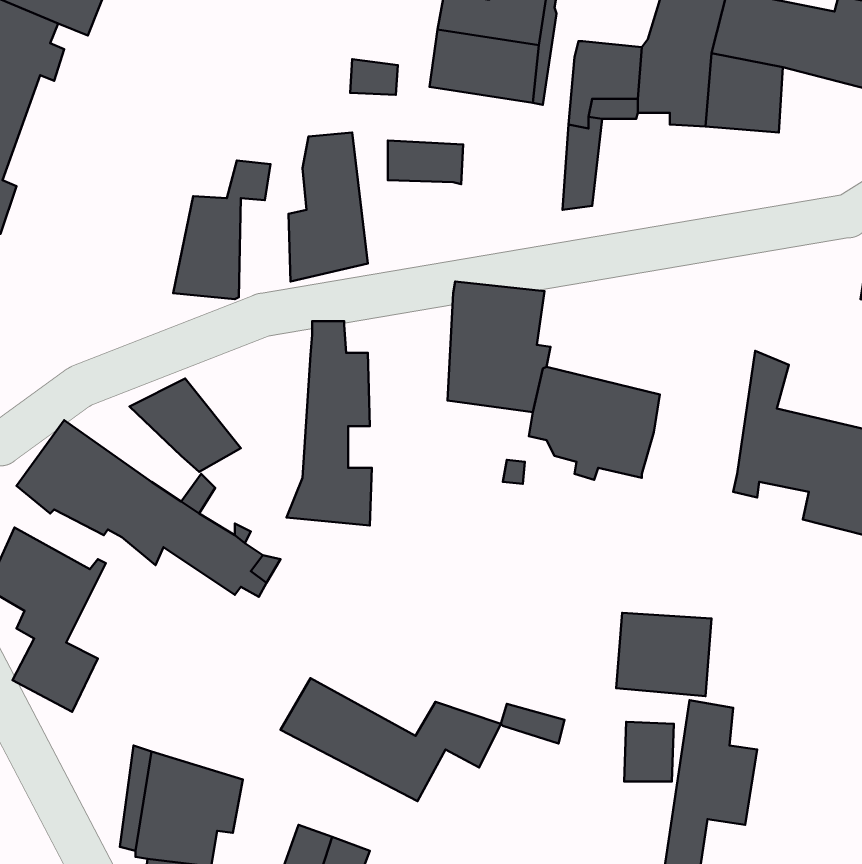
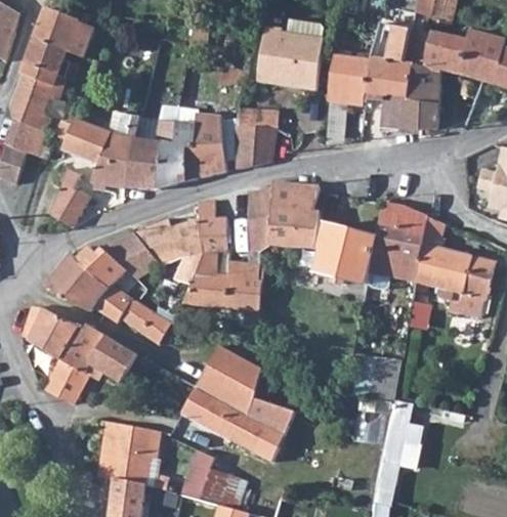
building: none -> [379,100,437,133]
building: none -> [62,112,135,187]
building: none -> [159,121,194,189]
building: none -> [235,129,273,169]
building: none -> [47,170,91,227]
building: none -> [248,187,269,249]
building: none -> [373,203,425,281]
building: none -> [131,219,196,283]
building: none -> [69,242,129,285]
building: none -> [226,261,260,310]
building: none -> [70,327,133,378]
building: none -> [196,348,262,416]

